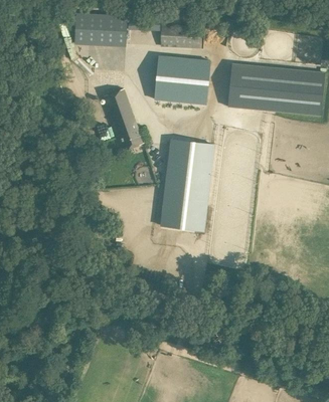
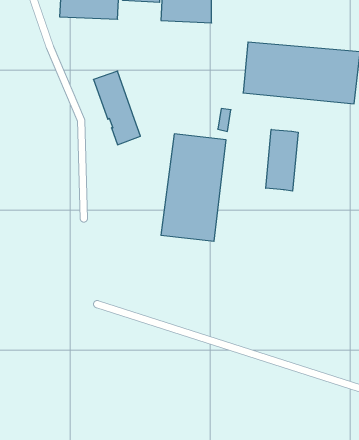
building: [154,56,210,104] -> none
building: none -> [266,129,298,191]

